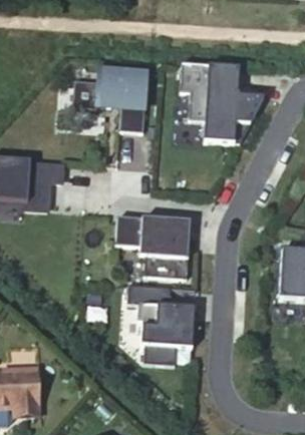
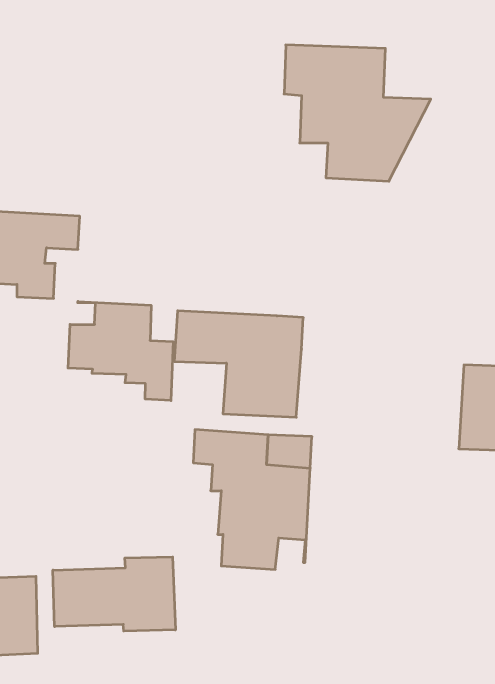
building: [72,67,147,129] -> none
building: none -> [68,301,173,401]
building: none -> [53,557,175,631]

